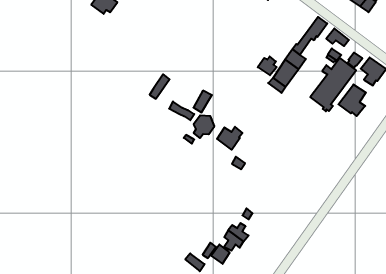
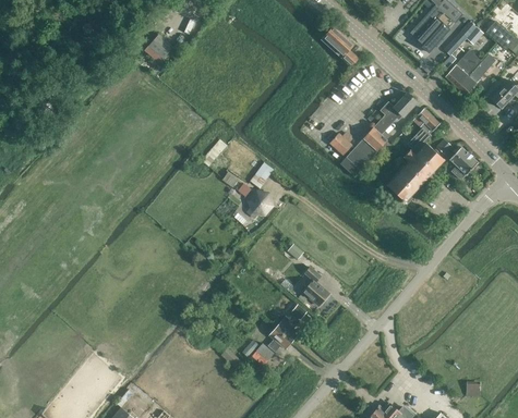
building: [338,84,366,116] -> none
building: [217,127,242,150] -> none
building: none -> [303,267,329,305]

